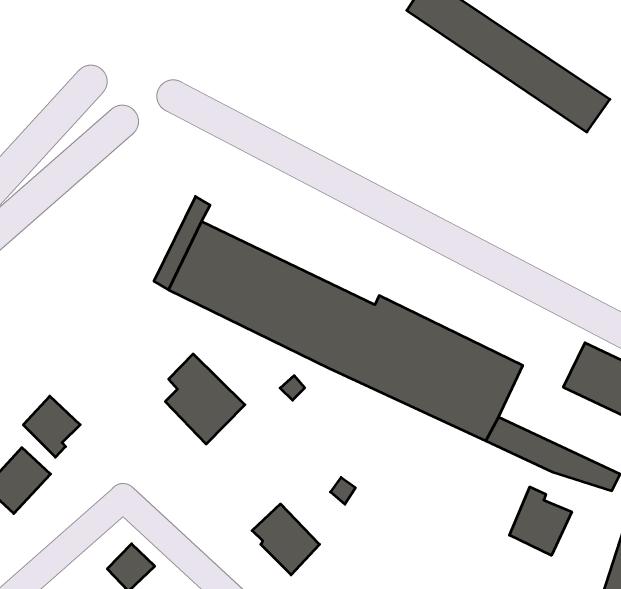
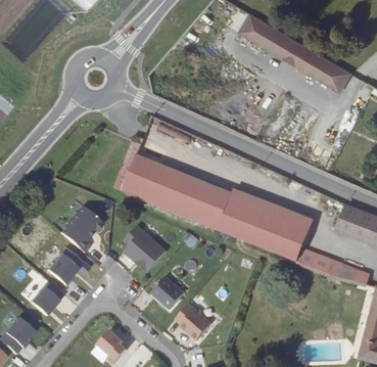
building: none -> [58,204,102,248]
building: none -> [151,276,185,309]
building: [509,487,572,555] -> none

